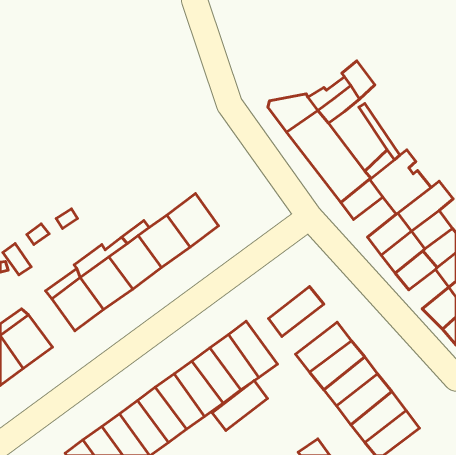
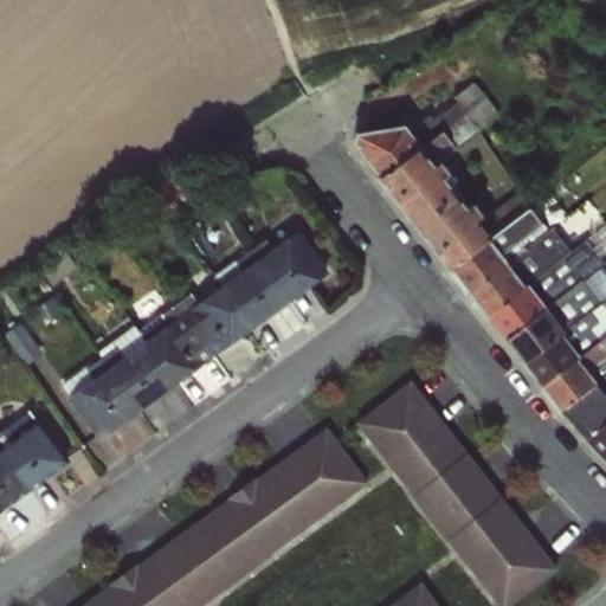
building: none -> [259,231,328,301]
building: none -> [469,263,526,316]
building: none -> [542,359,595,411]
building: [212,381,268,431] -> [374,405,447,471]

